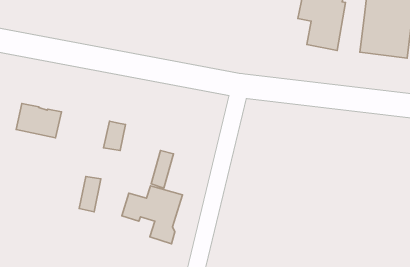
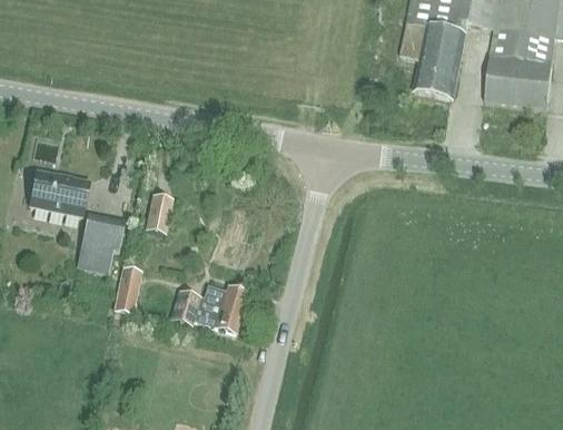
building: none -> [77,212,126,274]
building: [151,151,174,188] -> none

